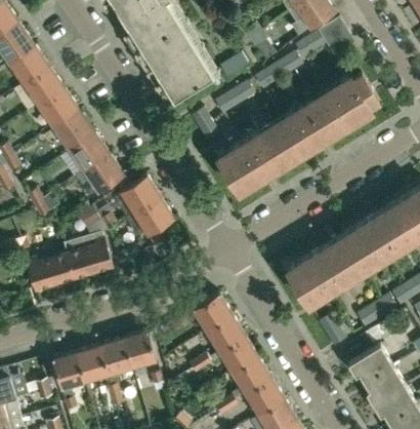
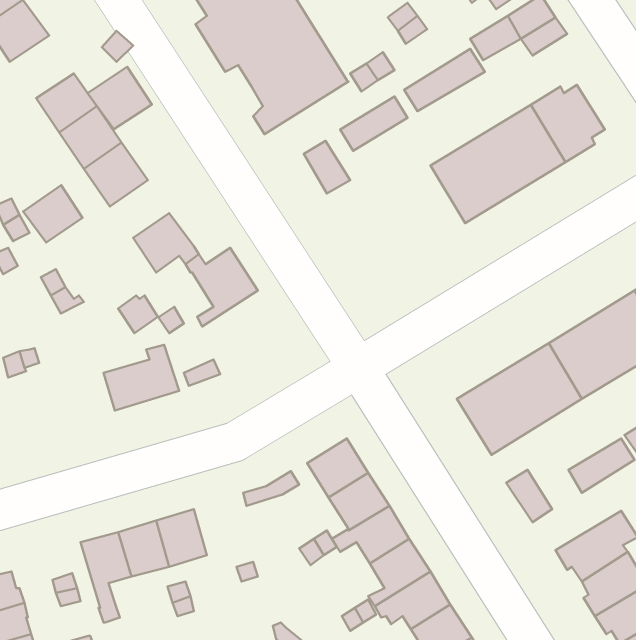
building: [8,43,48,82] -> [88,67,152,129]
building: [217,124,292,193] -> none
building: [71,133,108,169] -> [23,185,82,243]
building: [128,202,173,245] -> none
building: [26,254,74,288] -> none
building: [123,332,156,367] -> none

